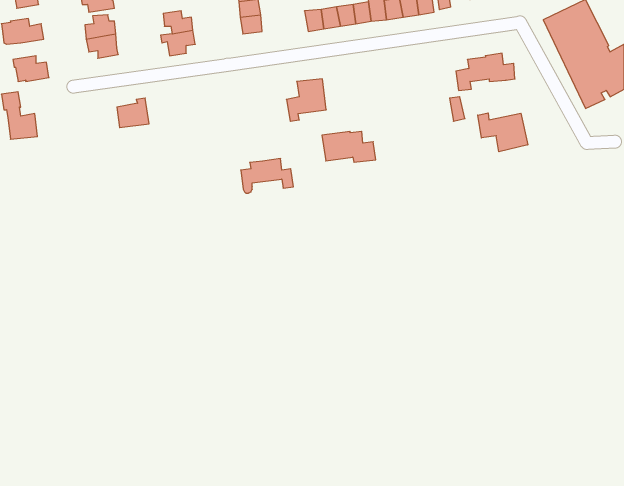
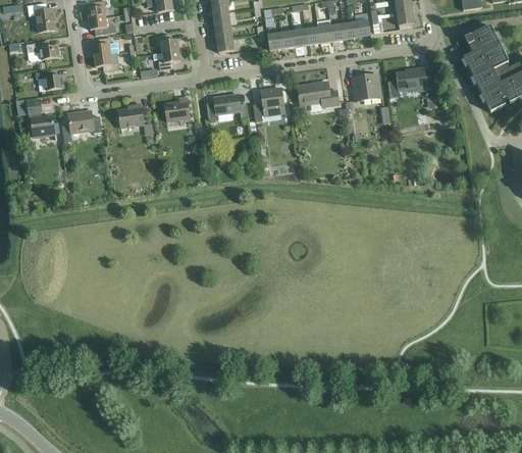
building: none -> [352,73,381,100]
building: none -> [164,97,191,120]
building: none -> [62,110,102,142]
building: [478,113,528,152] -> none
building: [322,131,376,162] -> [297,82,340,106]
building: [241,159,293,193] -> [207,94,249,121]

